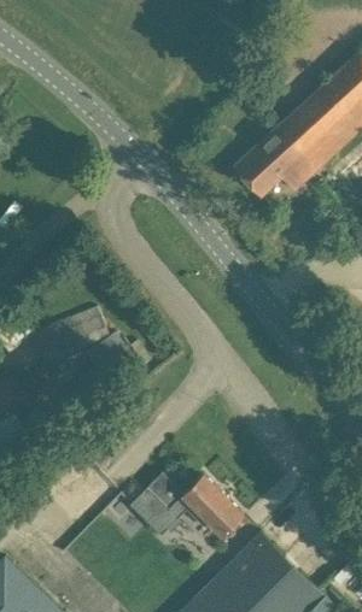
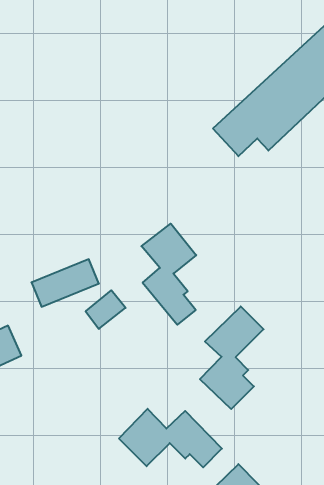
building: none -> [141,224,196,325]
building: none -> [200,306,264,409]

